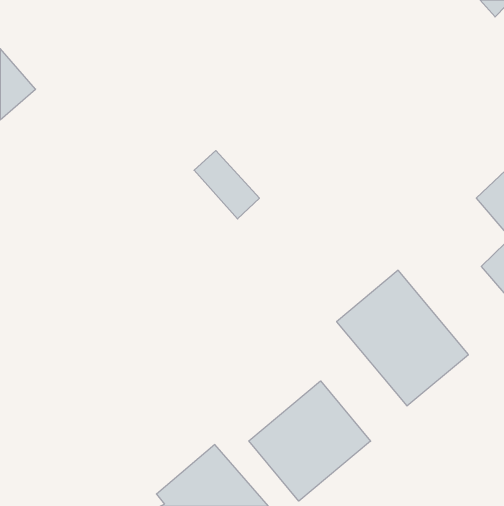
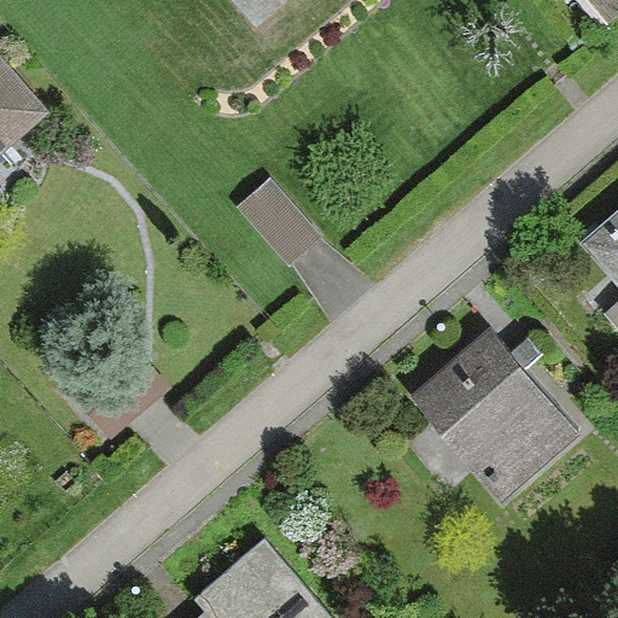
building: [249,381,371,501] -> none

